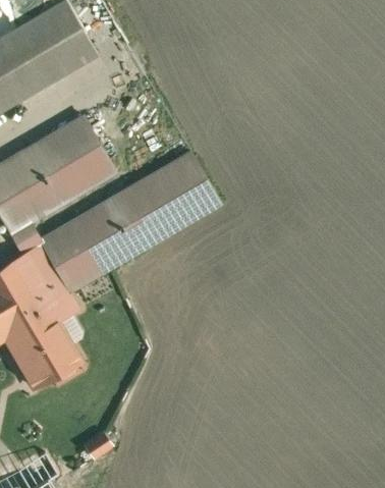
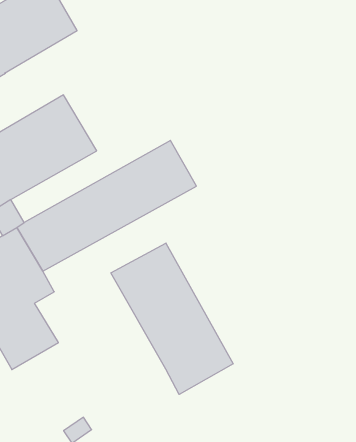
building: none -> [111,243,233,394]

